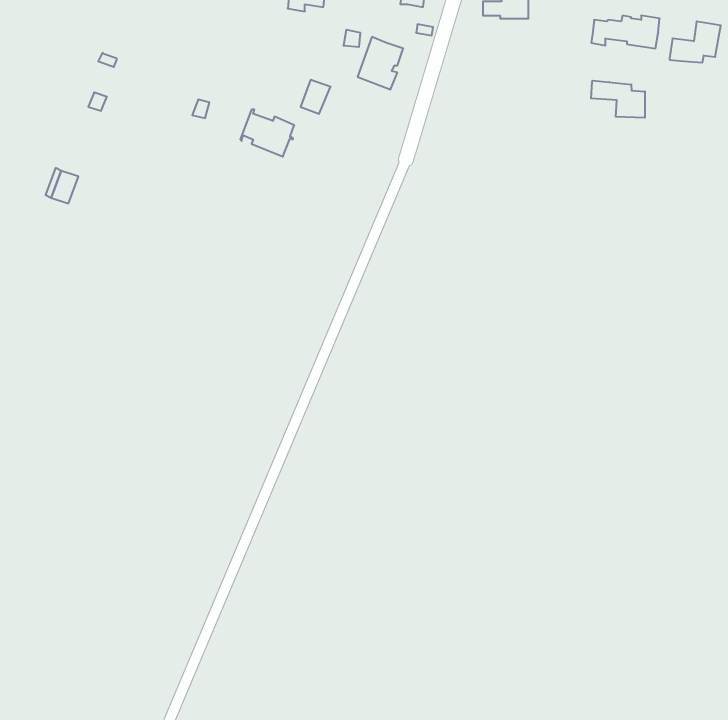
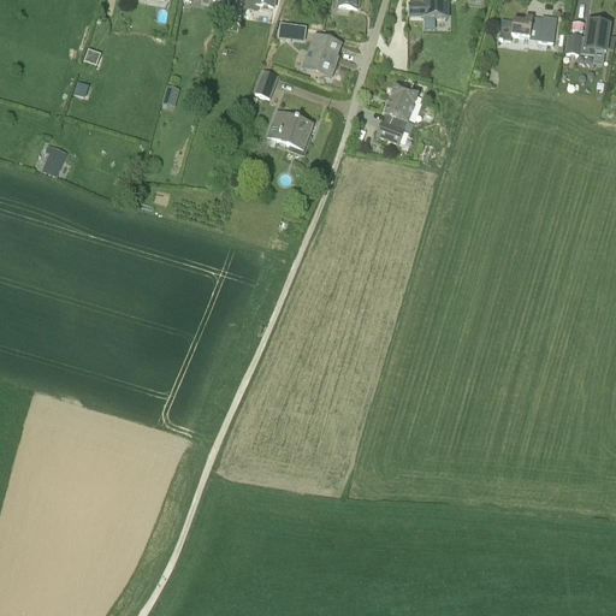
building: [591,81,645,118] -> none
building: none -> [377,81,419,142]
building: [240,110,294,157] -> [267,108,313,148]

